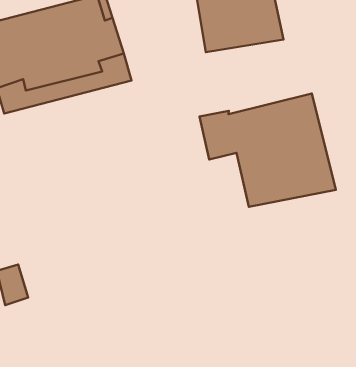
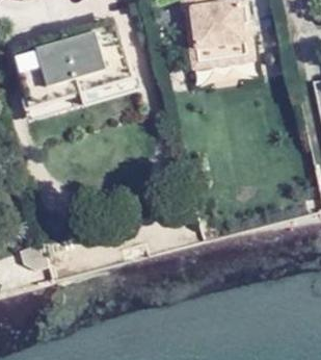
building: [199,93,336,207] -> none

